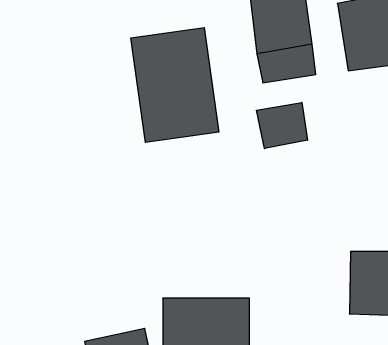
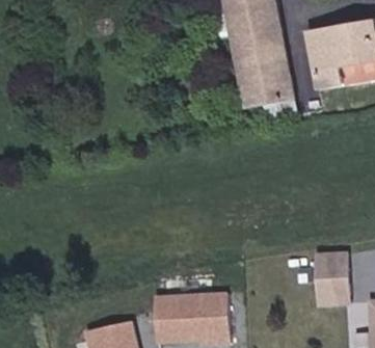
building: [131,28,219,142] -> none
building: [257,102,307,149] -> none

